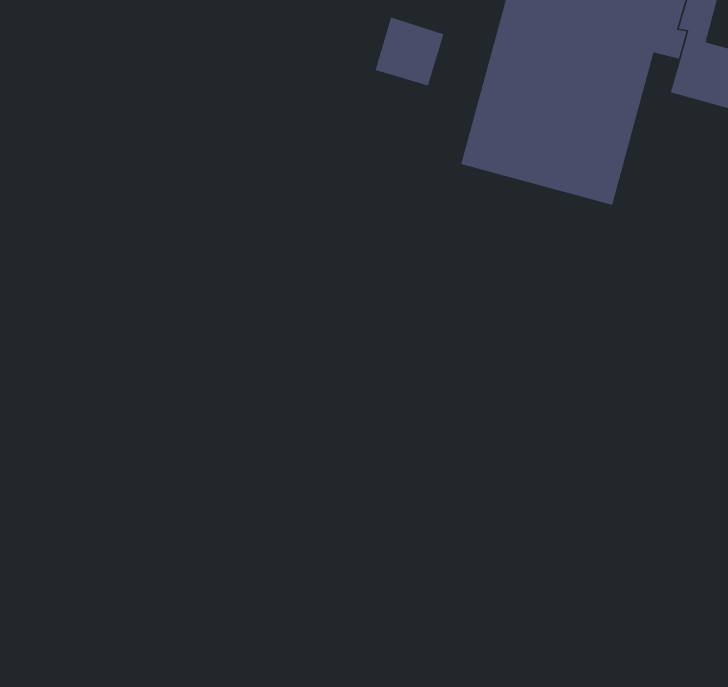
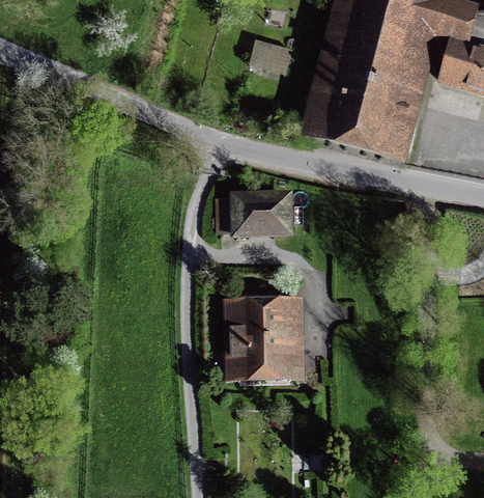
building: none -> [230,189,297,240]
building: none -> [222,294,303,374]

